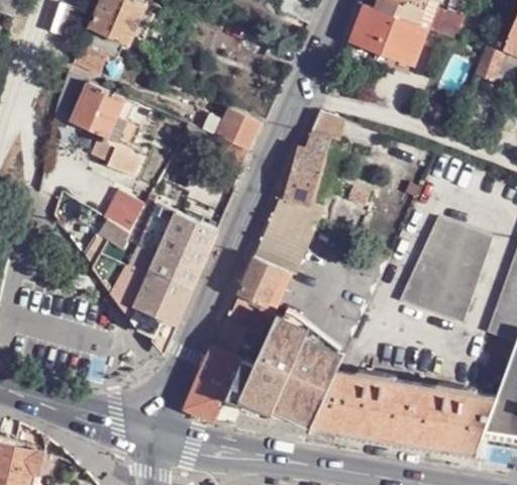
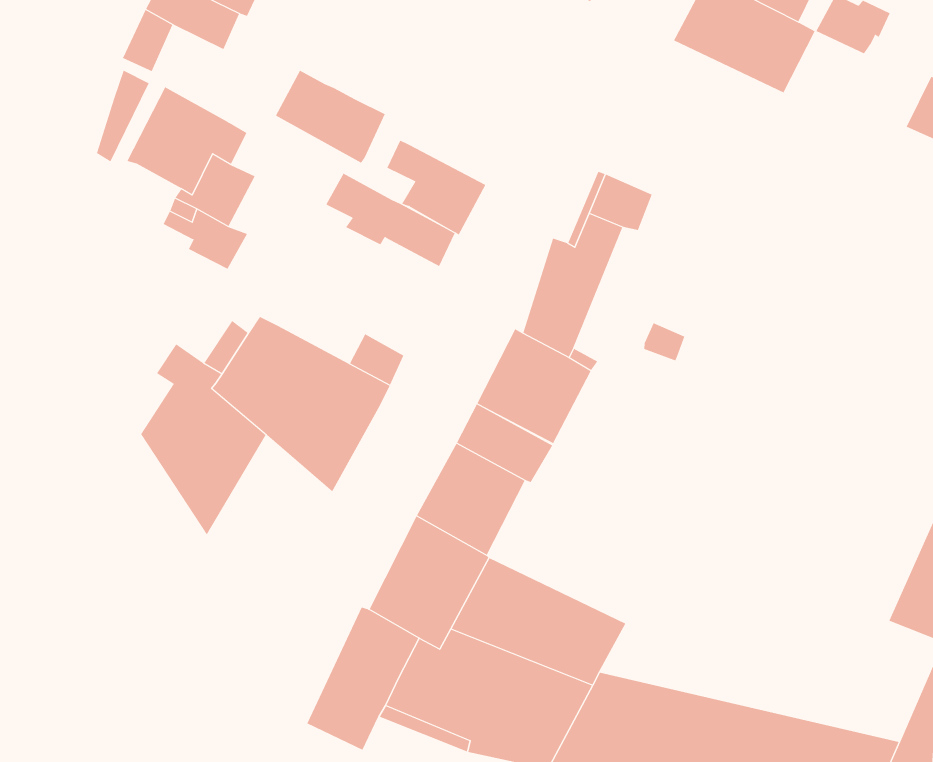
building: none -> [275,70,385,163]
building: [411,219,492,323] -> none
building: [127,260,191,345] -> none

